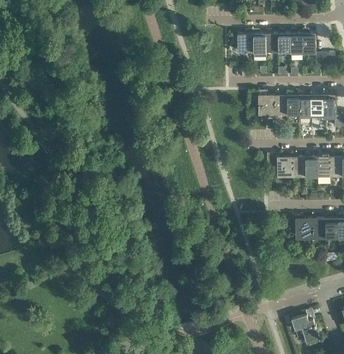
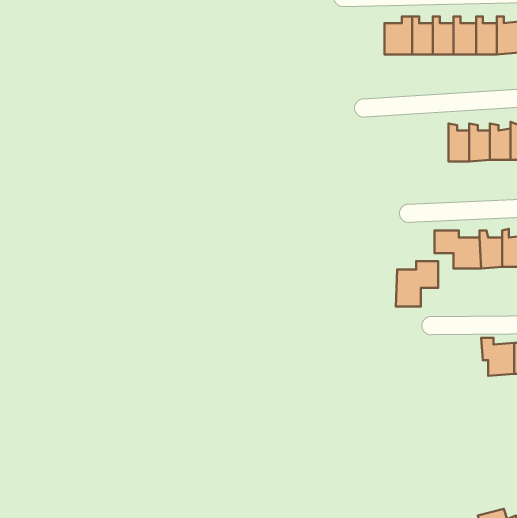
building: [251,92,275,115] -> none
building: none -> [396,261,438,307]

